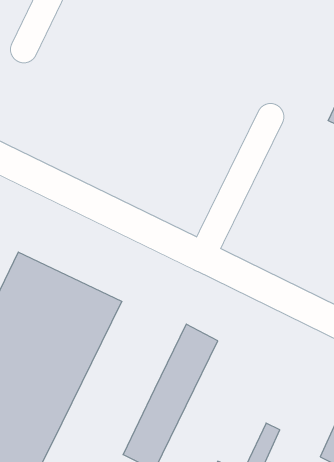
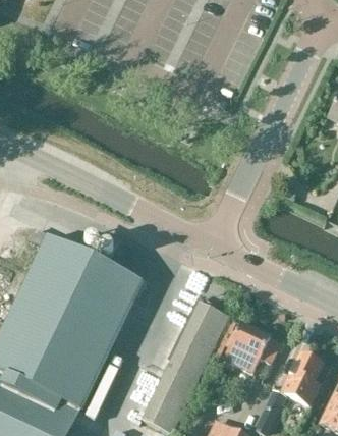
building: none -> [224,322,282,372]
building: none -> [287,350,324,404]

